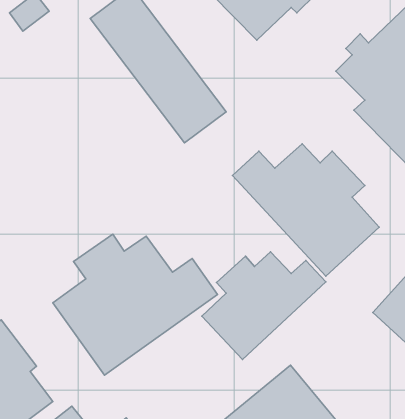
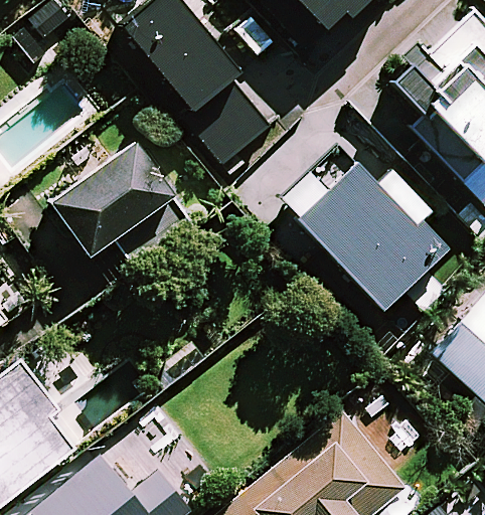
building: none -> [53,141,196,267]
building: [53,234,218,375] -> none
building: [202,252,326,359] -> none

